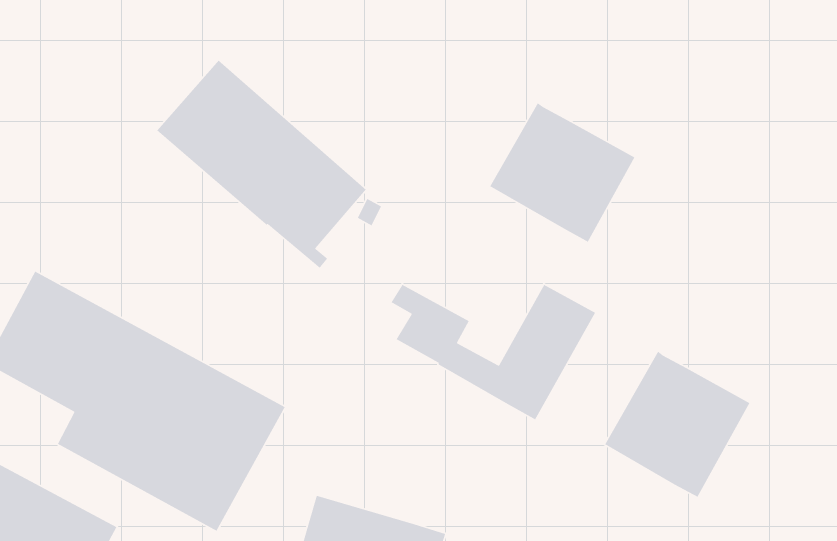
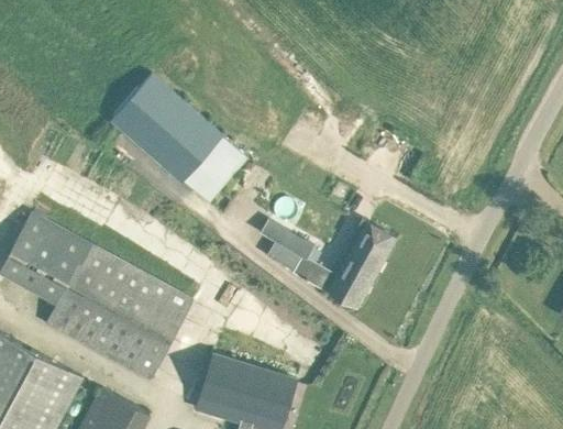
building: [489,102,636,243] -> none
building: [604,351,751,498] -> none

